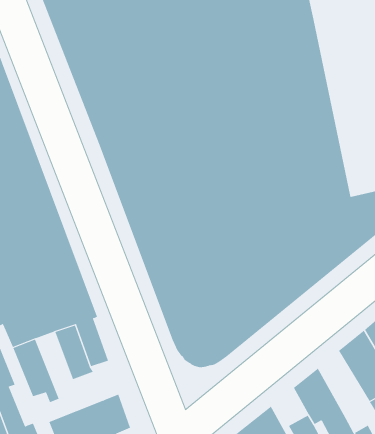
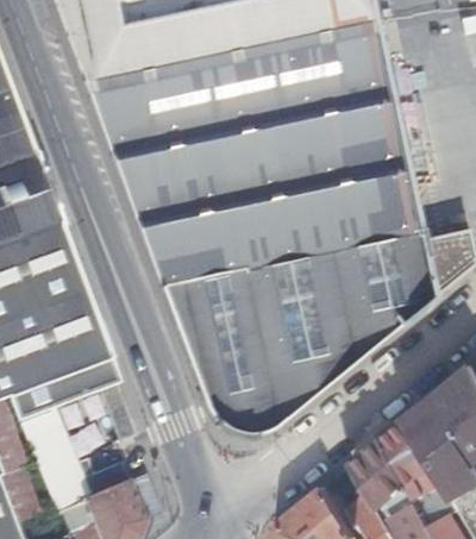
building: none -> [381,418,443,502]

